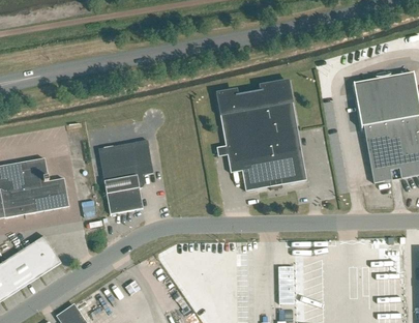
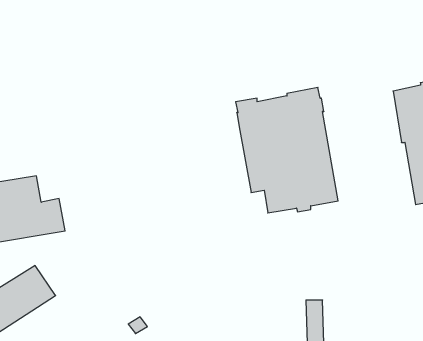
building: [98,140,153,213] -> none

